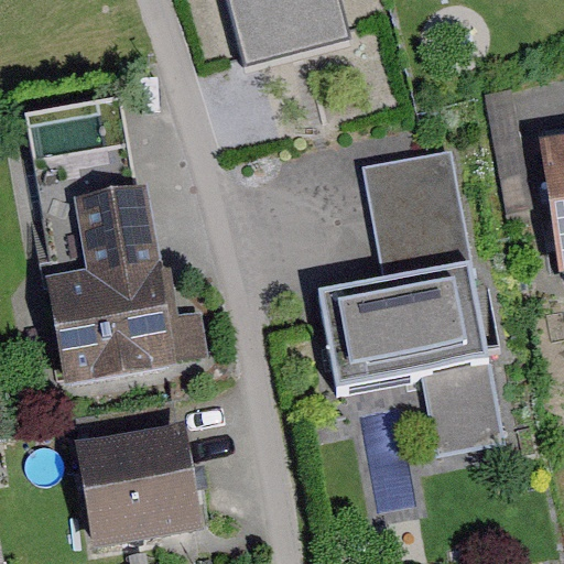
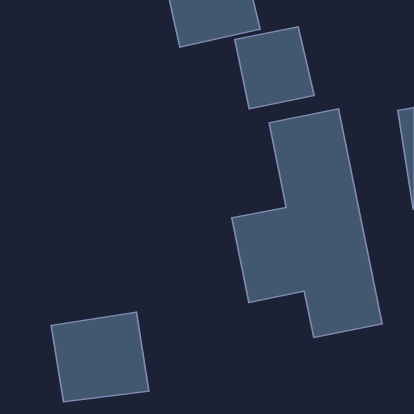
building: none -> [235,27,314,109]
building: [47,176,191,378] -> none

